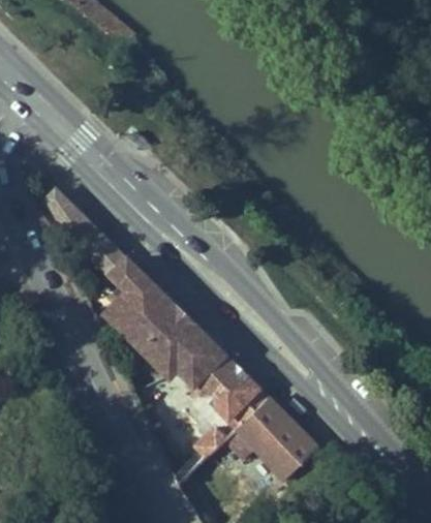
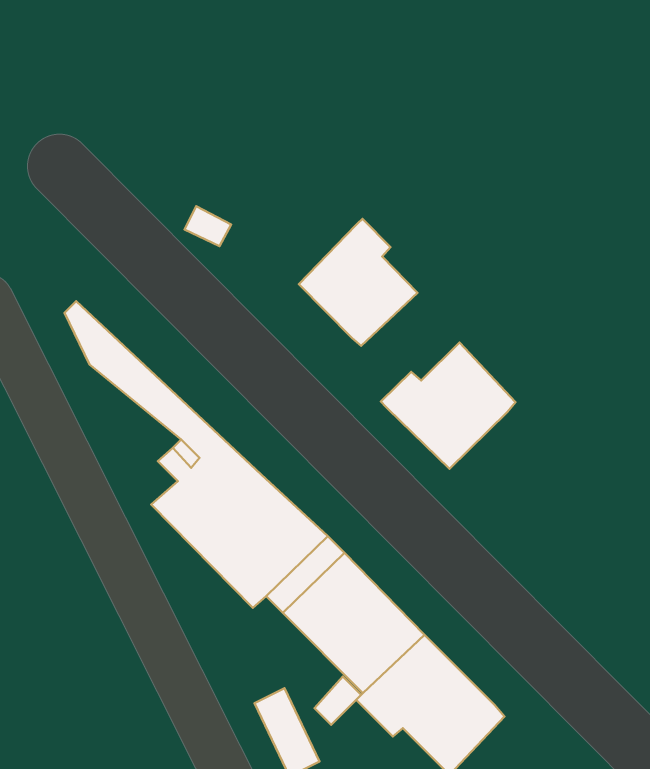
building: none -> [299,219,418,346]
building: none -> [381,343,516,469]

